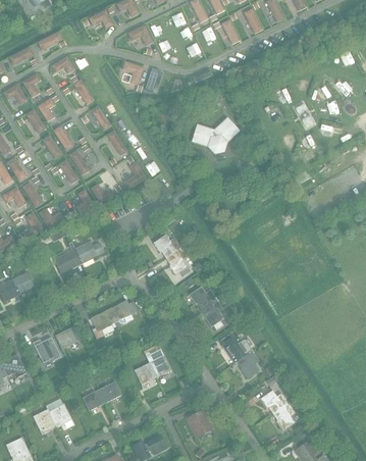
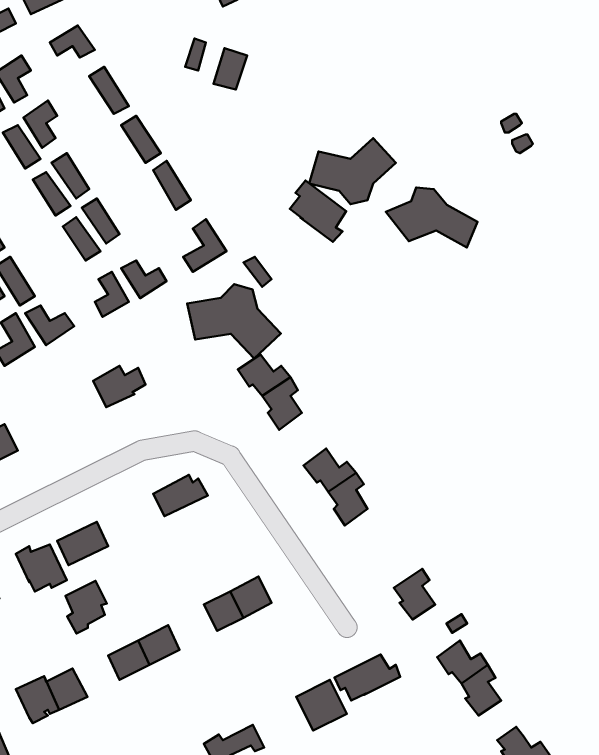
building: none -> [290,181,346,242]
building: none -> [386,188,477,248]
building: none -> [187,284,281,359]
building: [54,249,82,273] -> none
building: [91,310,113,339] -> [65,581,107,634]
building: [224,338,253,361] -> none
building: none -> [335,655,400,700]

